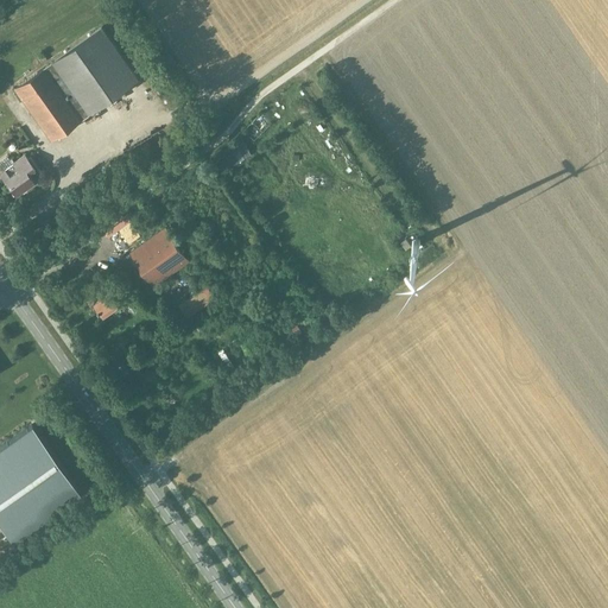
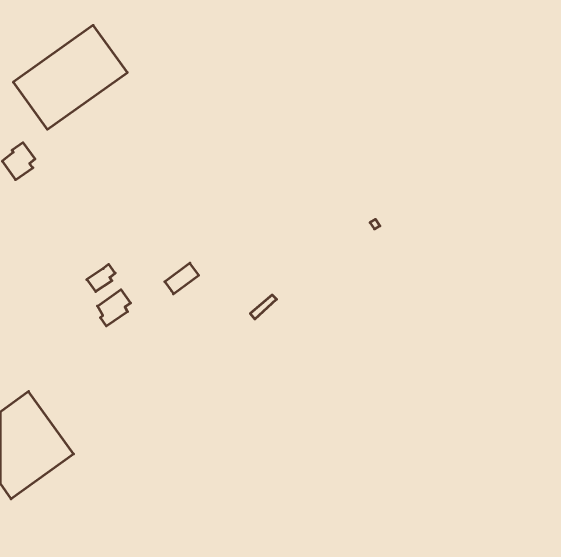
building: [131,229,189,287] -> none
building: none -> [97,290,131,326]

